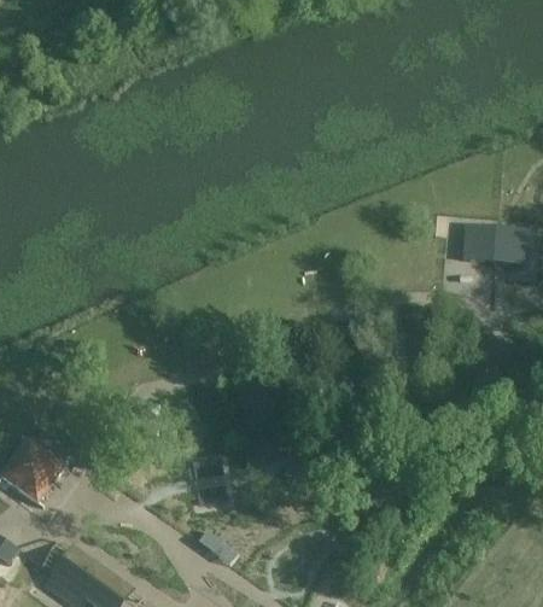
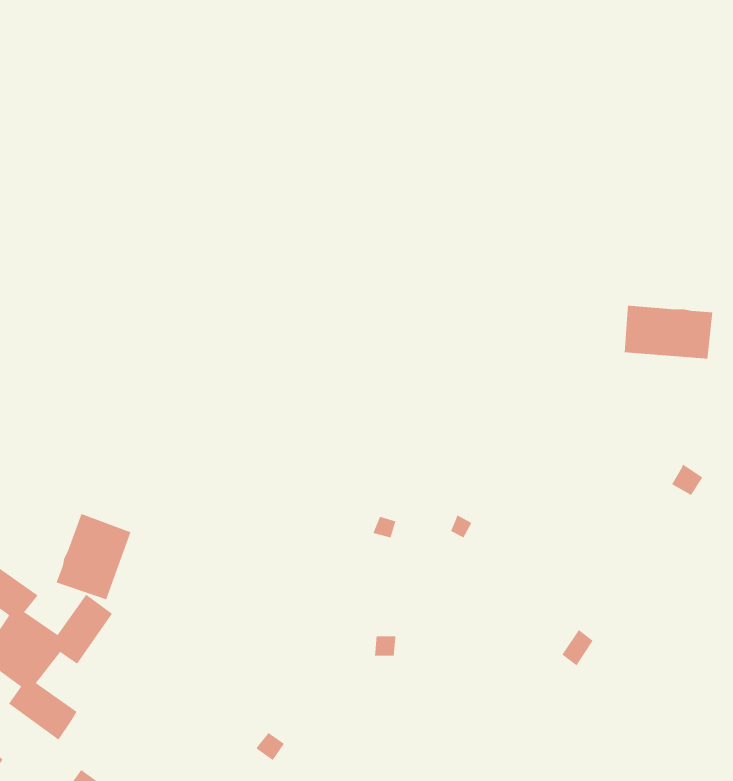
building: none -> [56,513,131,600]

